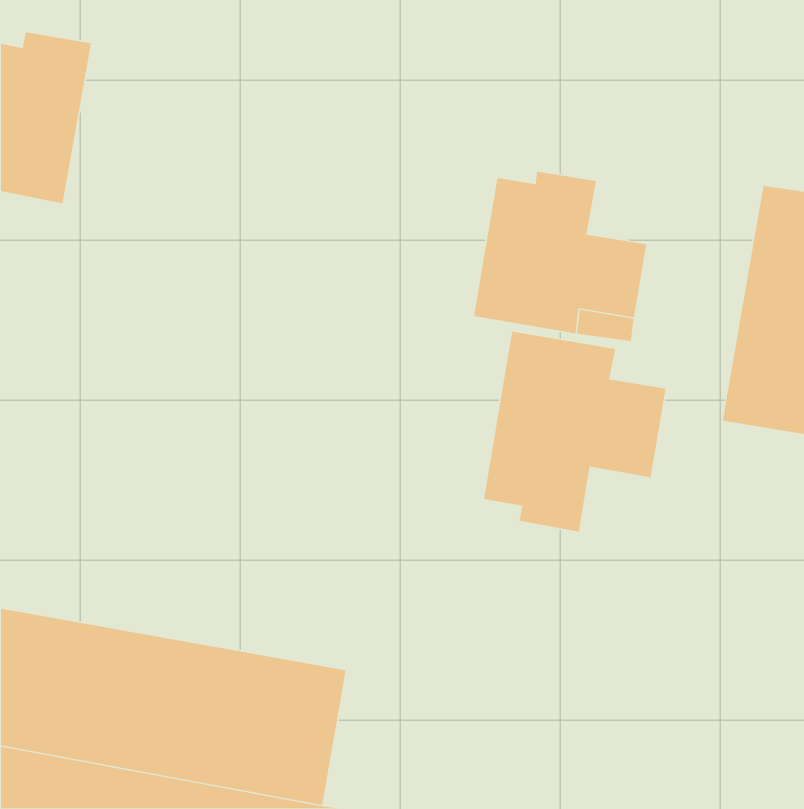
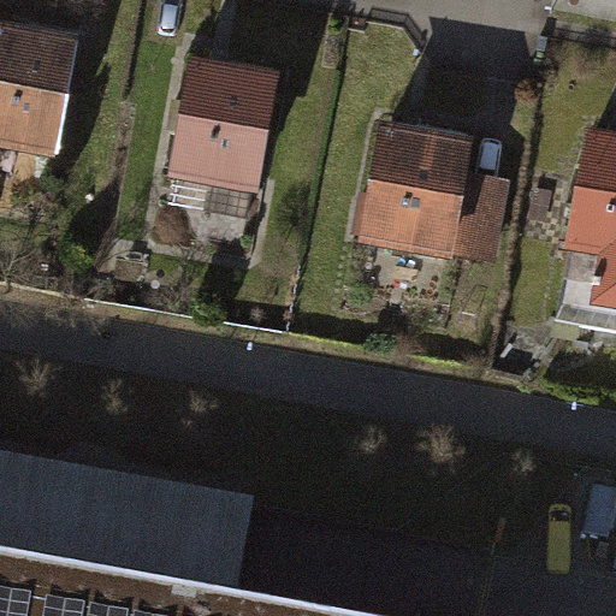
building: none -> [170,63,267,190]
building: [483,331,666,532] -> none

